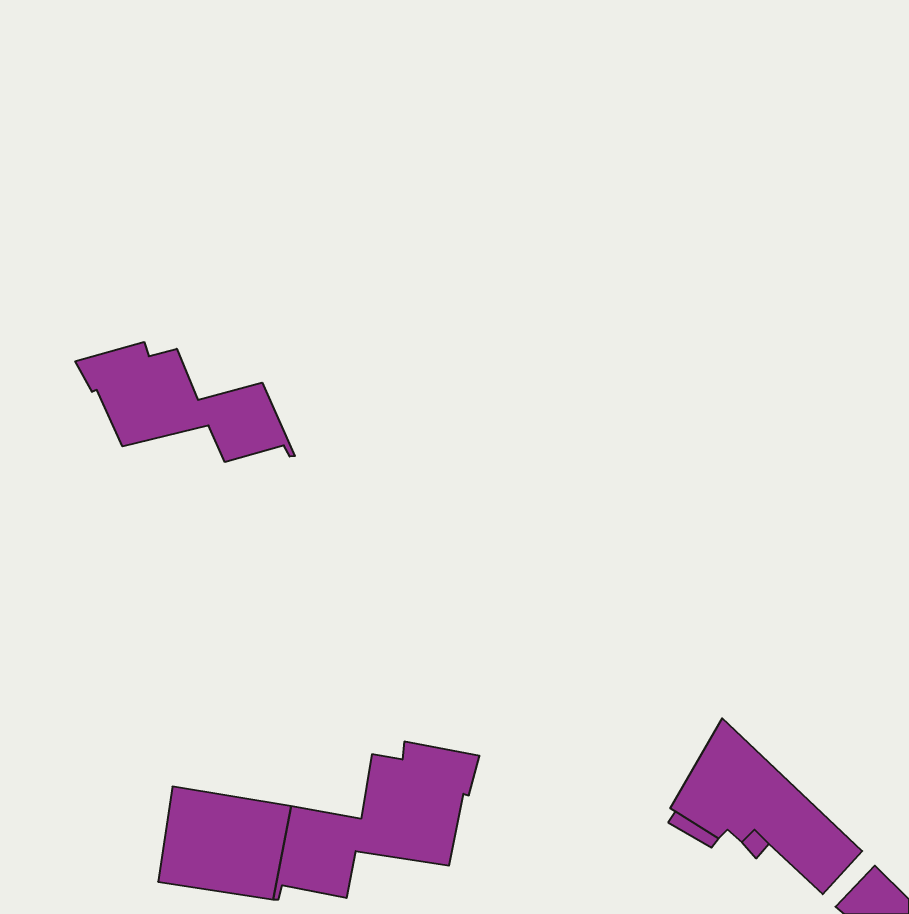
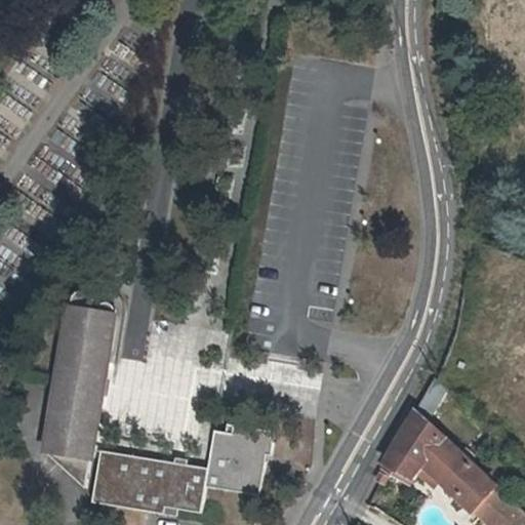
building: [75,342,295,462] -> none
building: none -> [44,289,113,478]

